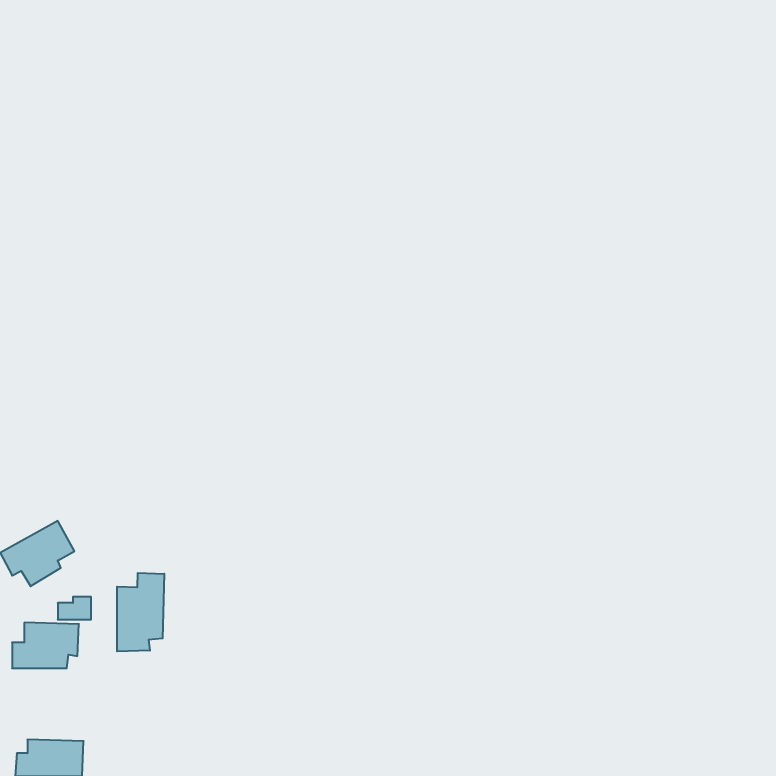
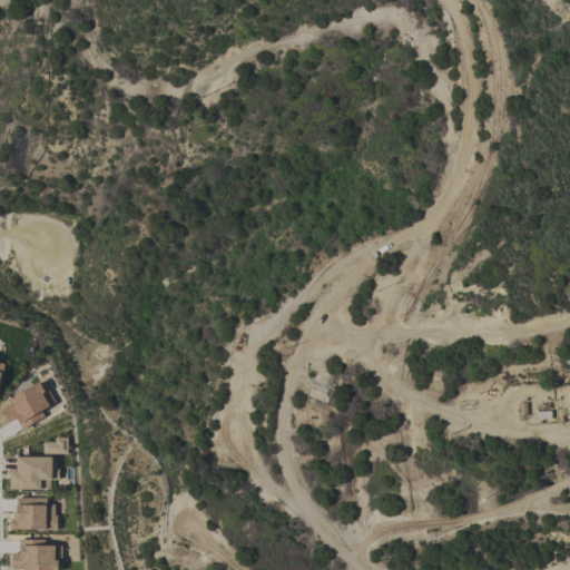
building: [117,573,164,651] -> none
building: none -> [10,498,56,530]

